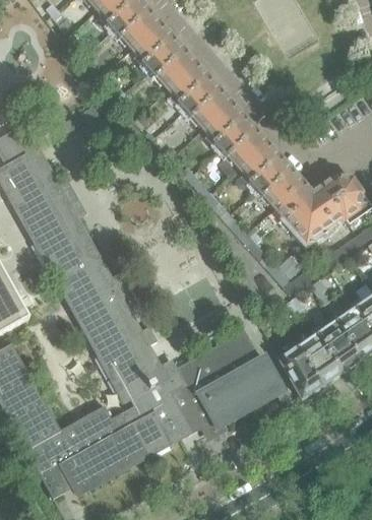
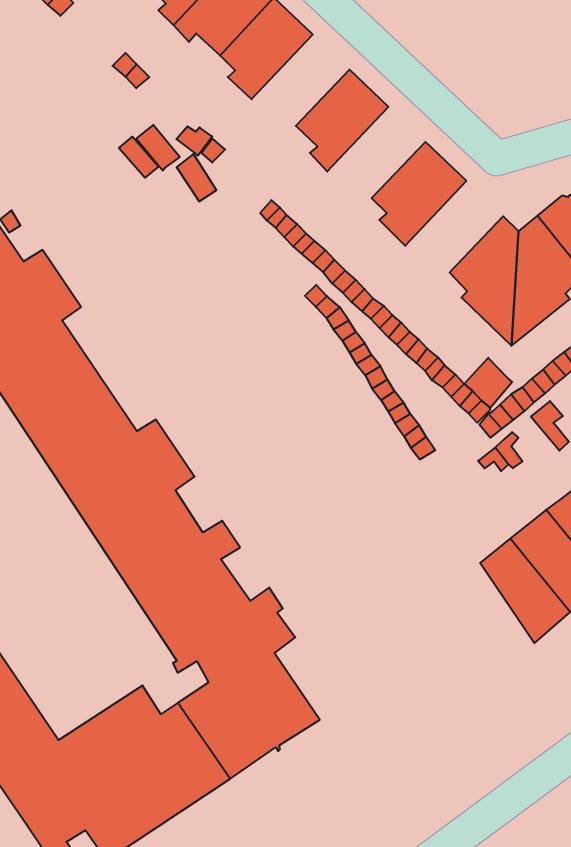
building: [181,82,232,128] -> none
building: [216,122,267,168] -> none
building: [253,162,304,208] -> none
building: [171,332,286,437] -> none

